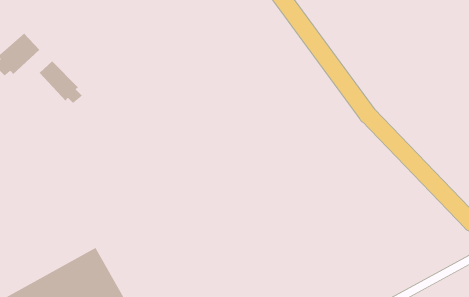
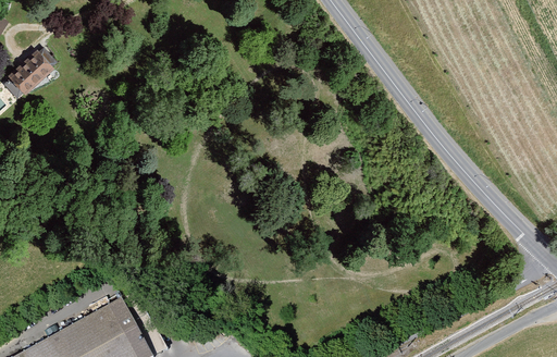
building: [39,60,83,104] -> none

